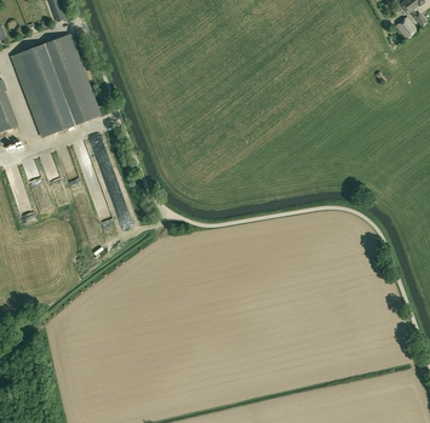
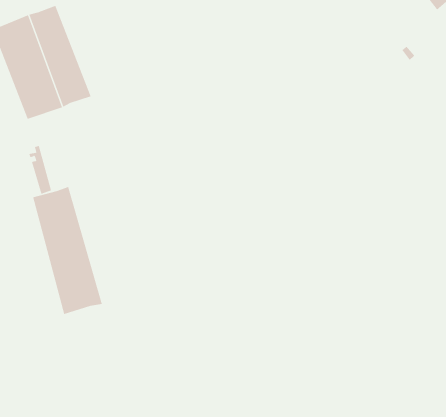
building: none -> [33,186,102,315]

